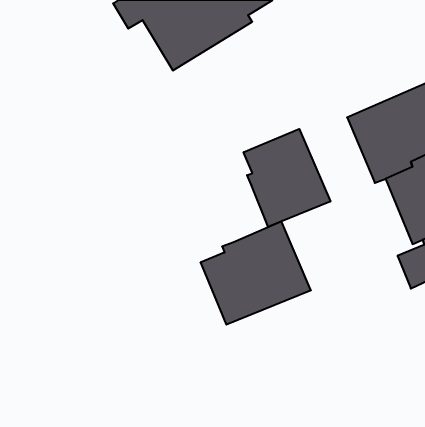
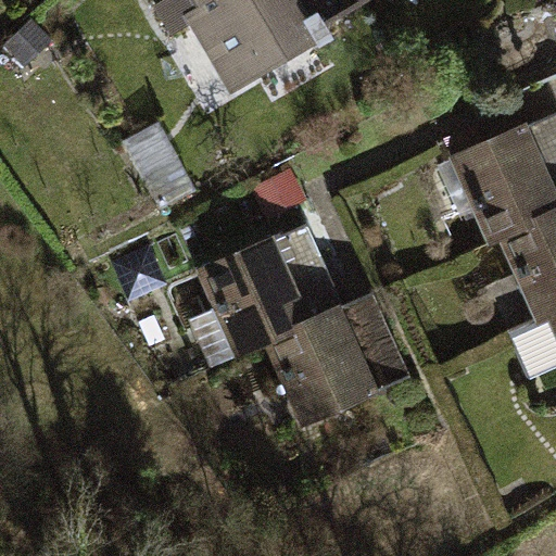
building: [244,129,330,227] -> none
building: none -> [185,237,306,366]

